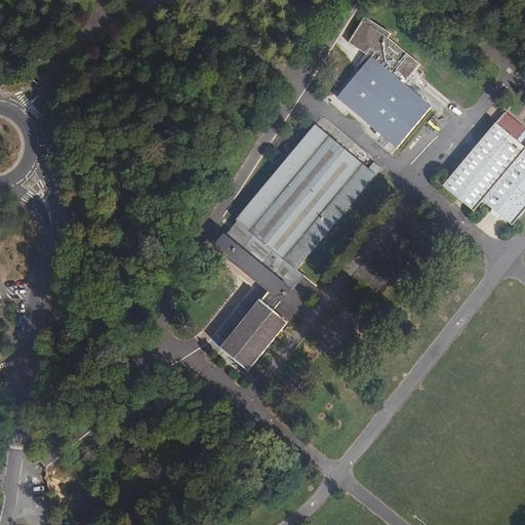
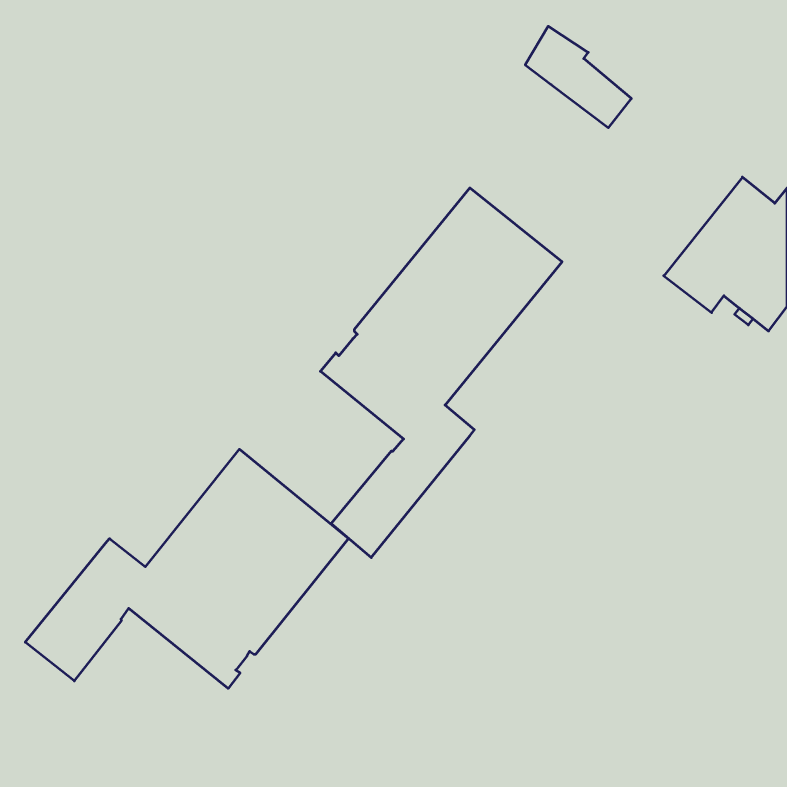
building: [335,56,429,154] -> none
building: none -> [25,449,349,688]

